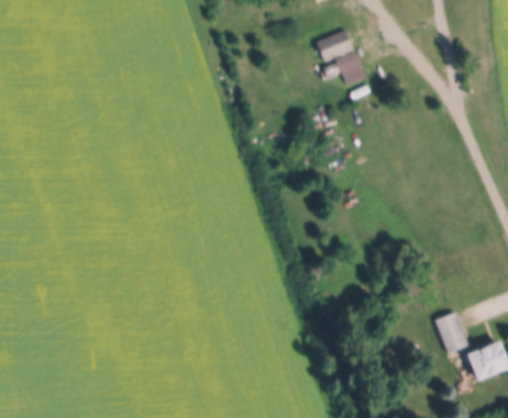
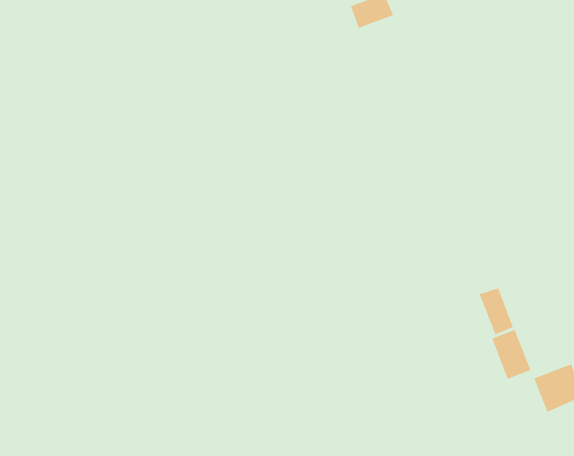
building: [335,51,364,84] -> none
building: none -> [479,287,514,335]

